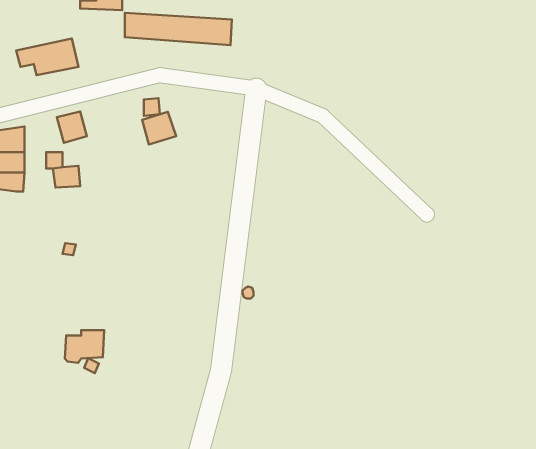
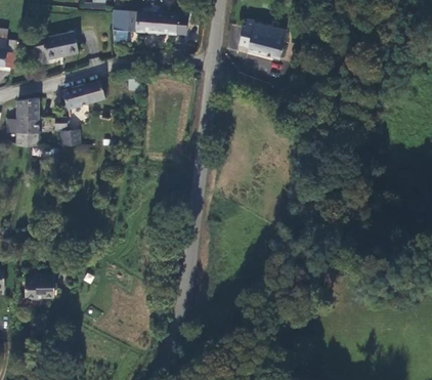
building: none -> [239,18,287,57]
building: [142,112,176,144] -> [80,80,105,104]
building: [65,330,104,363] -> [25,276,54,300]

